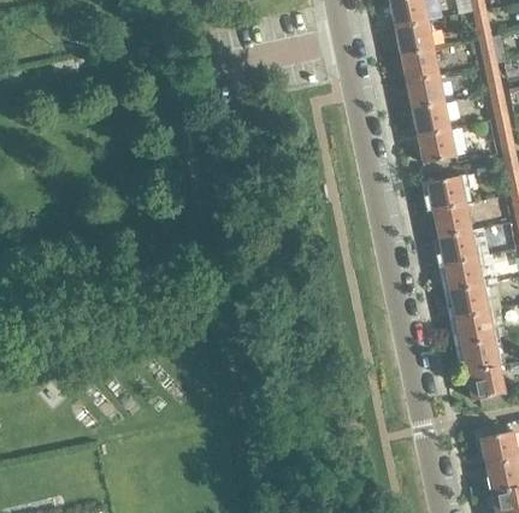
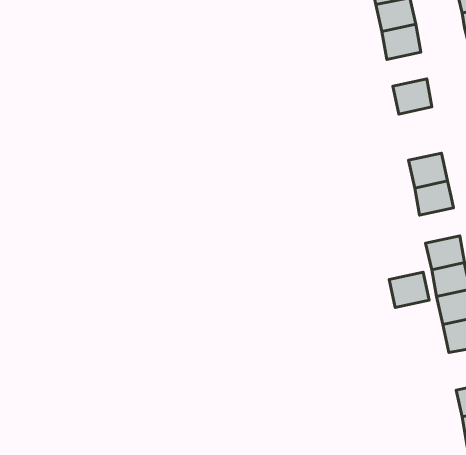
building: [412,102,452,136] -> none
building: [429,176,466,210] -> none
building: [444,256,484,291] -> [389,272,429,308]

